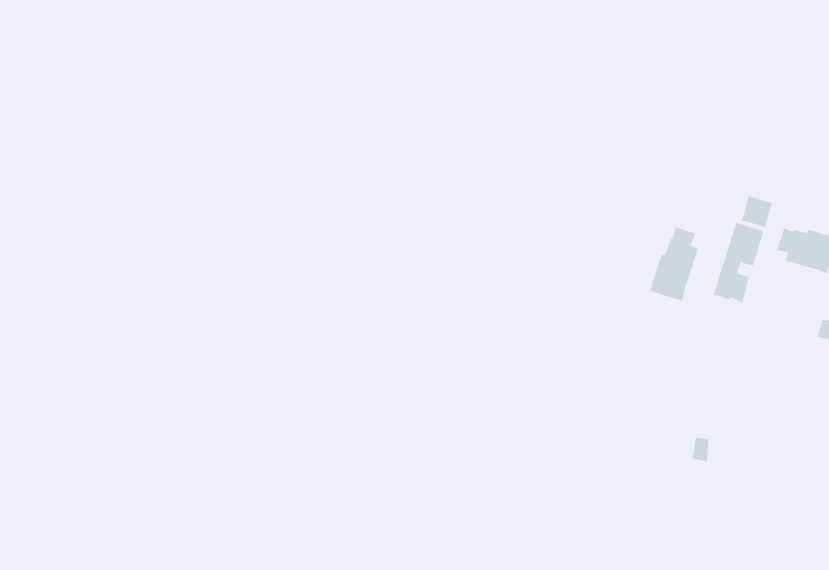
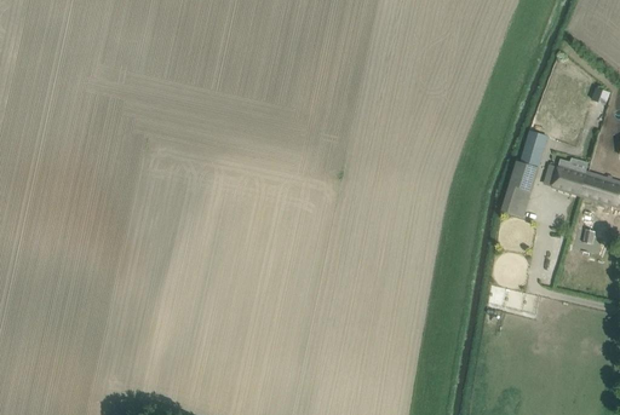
building: [649,226,698,302] -> none

